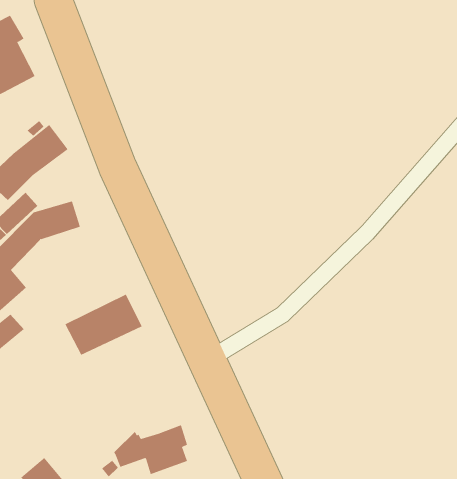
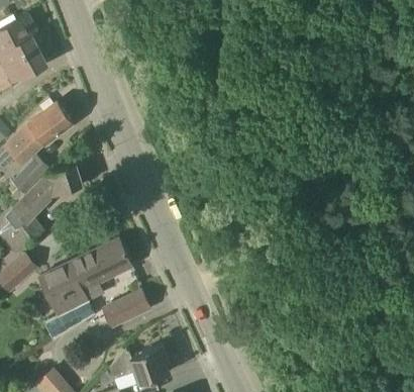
building: none -> [39,263,95,340]
building: none -> [103,290,149,326]

